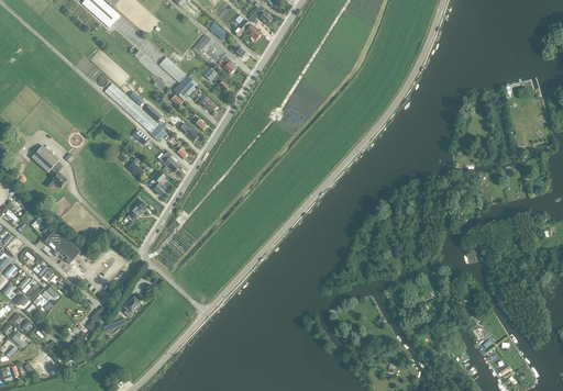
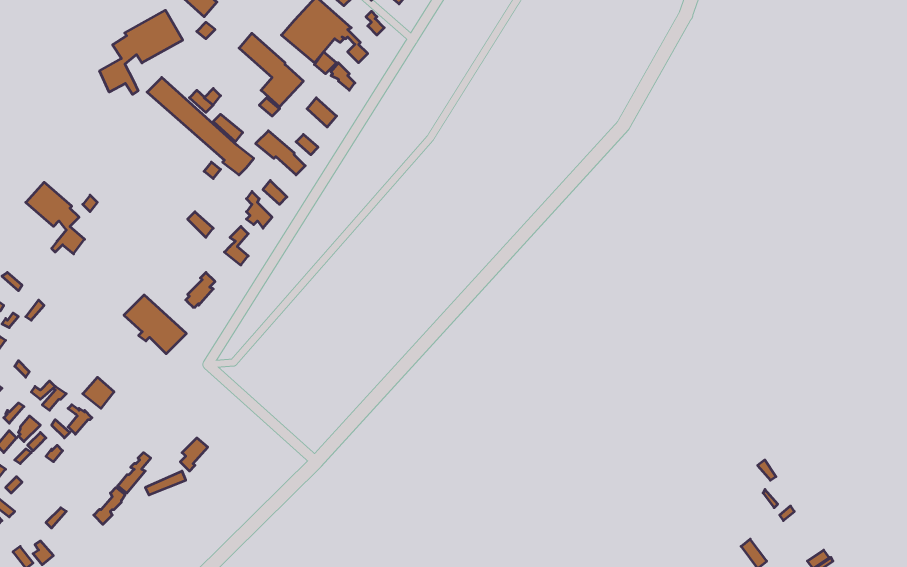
building: none -> [100,10,183,94]
building: [43,227,80,262] -> [124,295,186,354]

